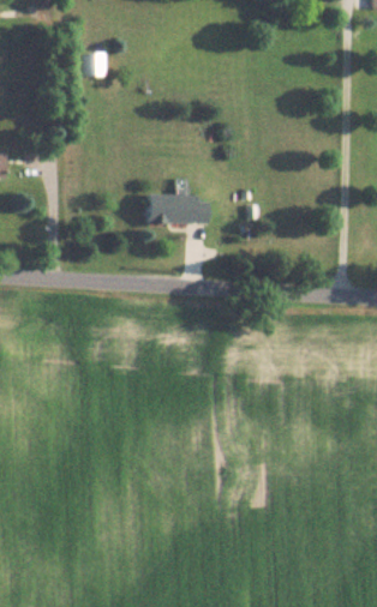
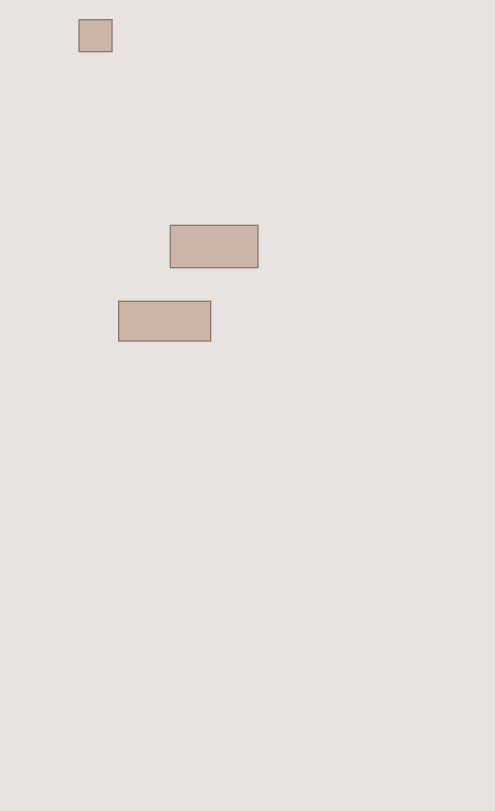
building: none -> [119,301,211,341]

